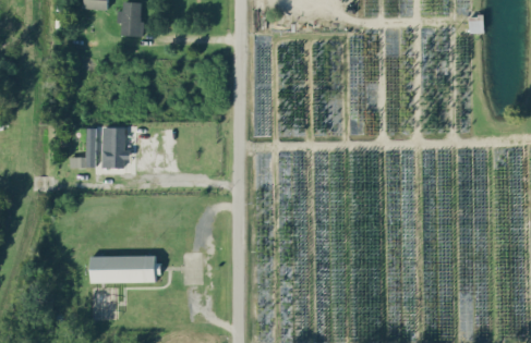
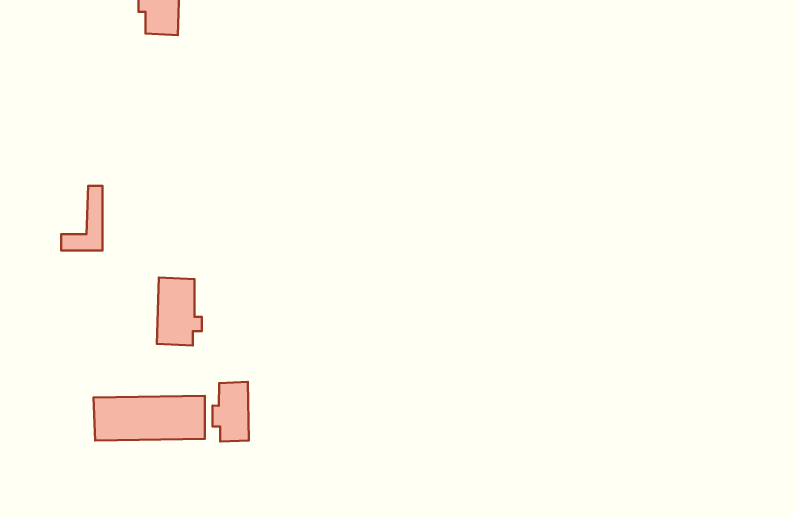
building: [101,127,129,169] -> [157,277,202,346]
building: none -> [212,382,249,442]

